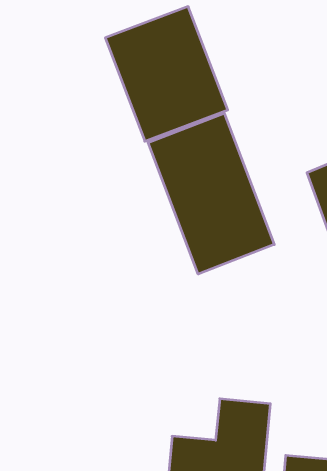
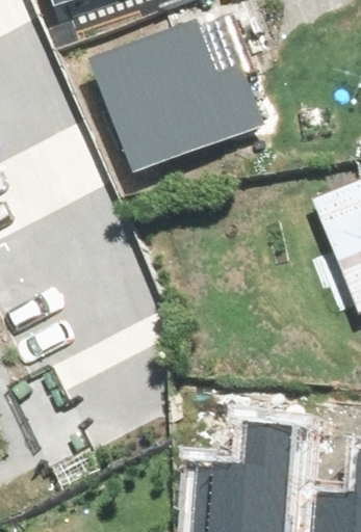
building: [148,113,274,274] -> none

